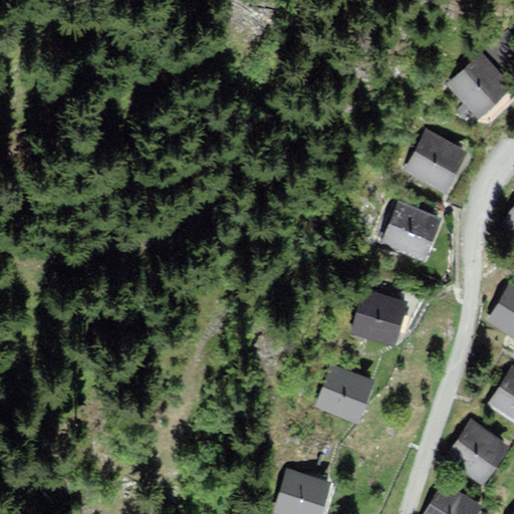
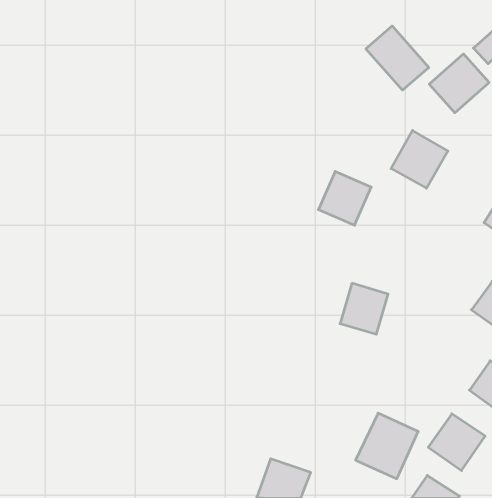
building: none -> [366,26,429,90]
building: [389,205,443,260] -> [318,171,371,225]
building: [304,361,368,429] -> [356,413,418,479]

